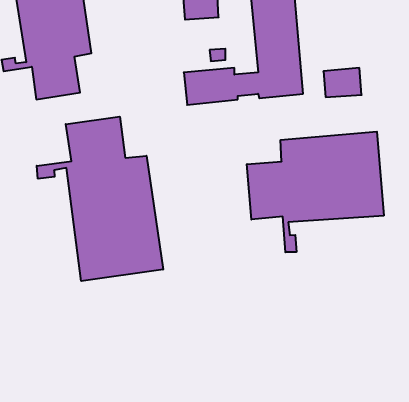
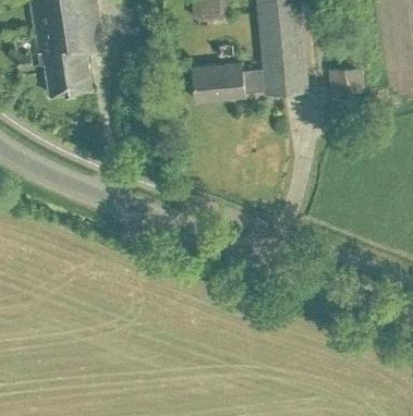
building: [37,117,163,281] -> none
building: [247,132,384,252] -> none

